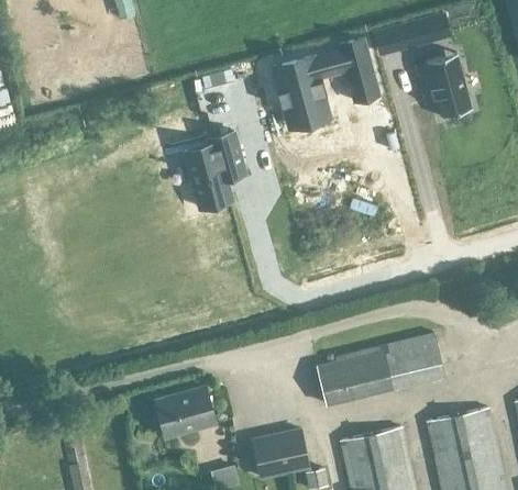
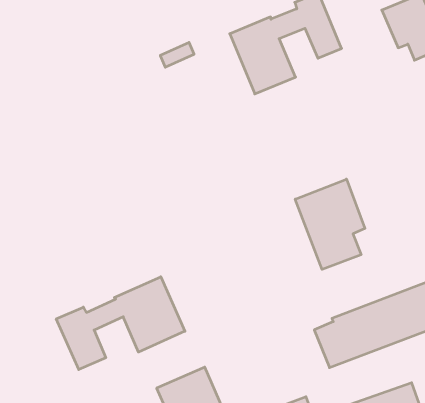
building: [181,130,247,209] -> none
building: none -> [295,179,365,269]
building: none -> [56,277,185,370]

